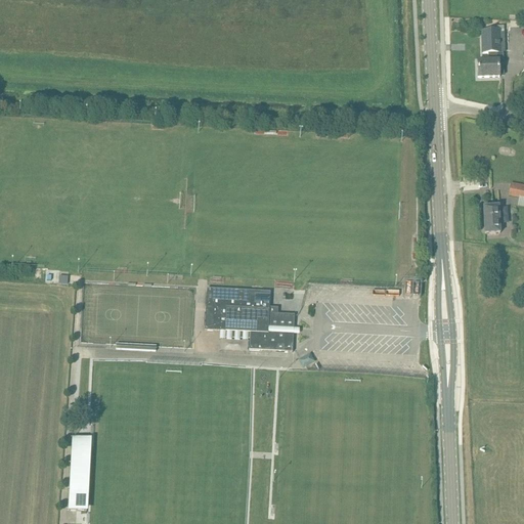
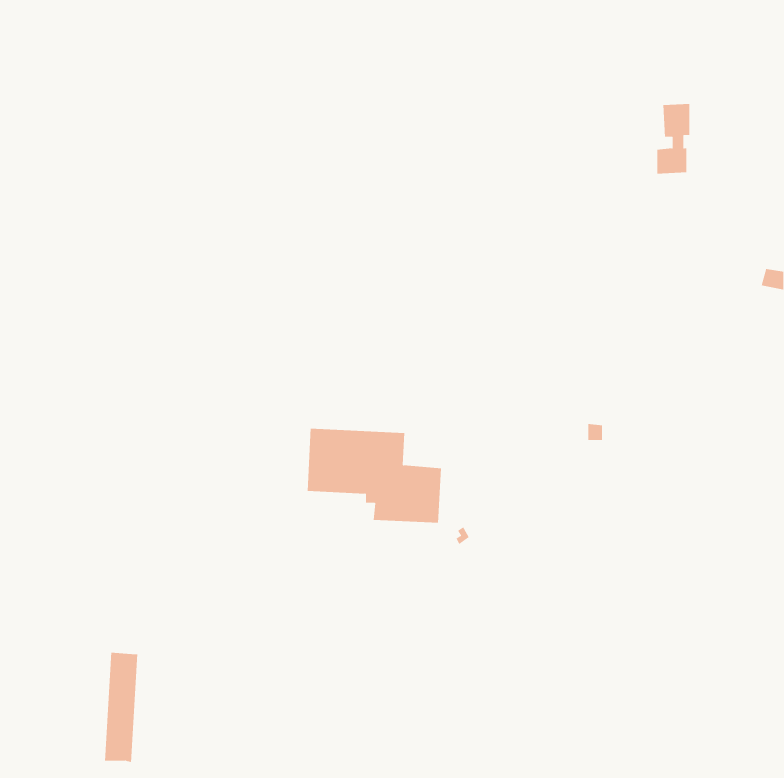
building: [478,28,500,75] -> [656,103,690,174]
building: [483,204,499,231] -> none

